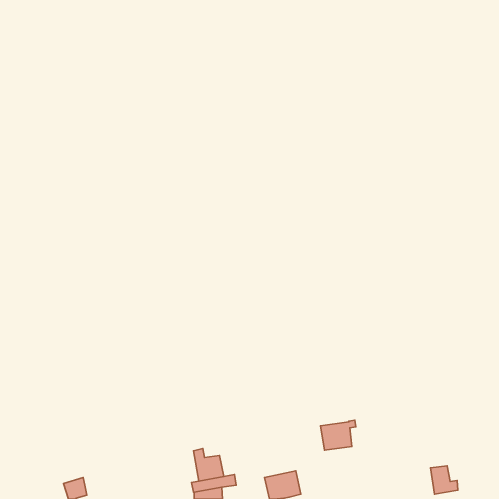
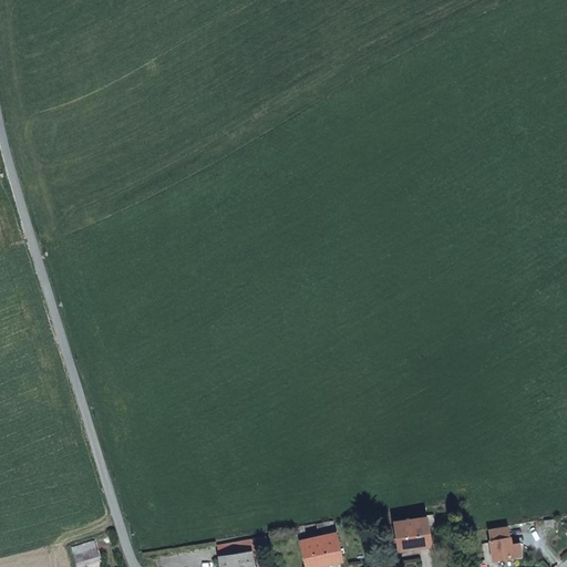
building: [321,420,356,450] -> [394,516,434,550]
building: [194,449,224,481] -> none

